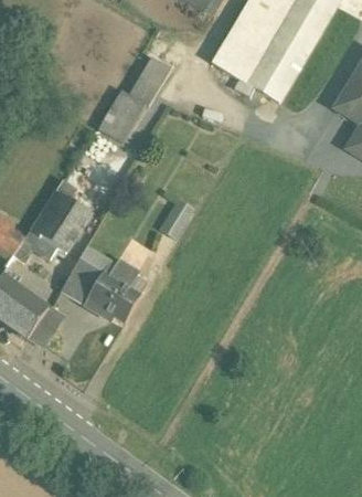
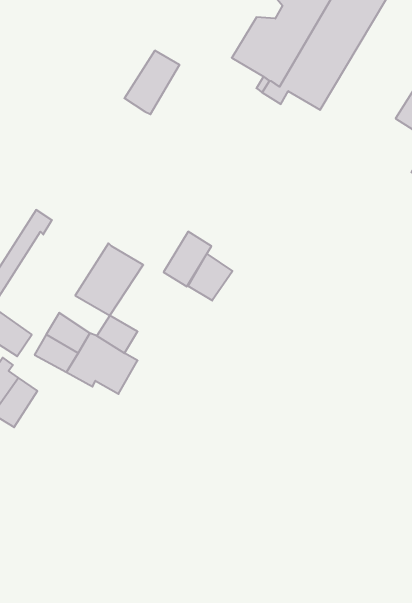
building: [98,91,145,142] -> none
building: [40,195,92,251] -> [75,243,143,316]
building: none -> [188,254,232,301]

